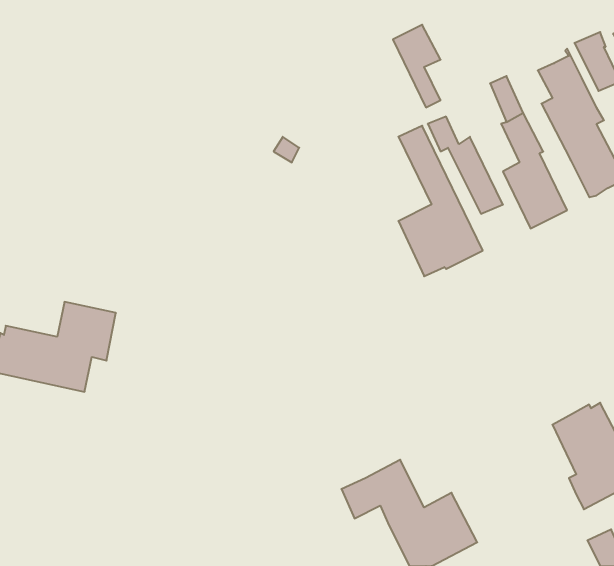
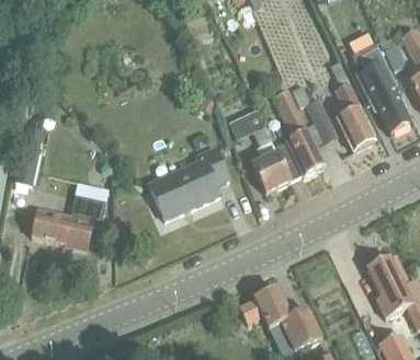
building: none -> [246,109,291,193]
building: none -> [148,146,228,219]

